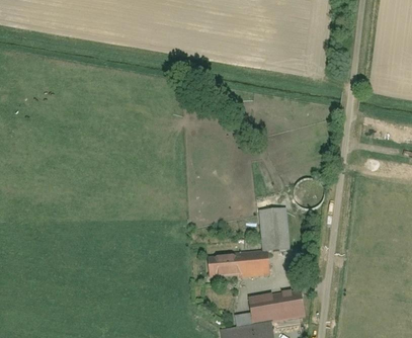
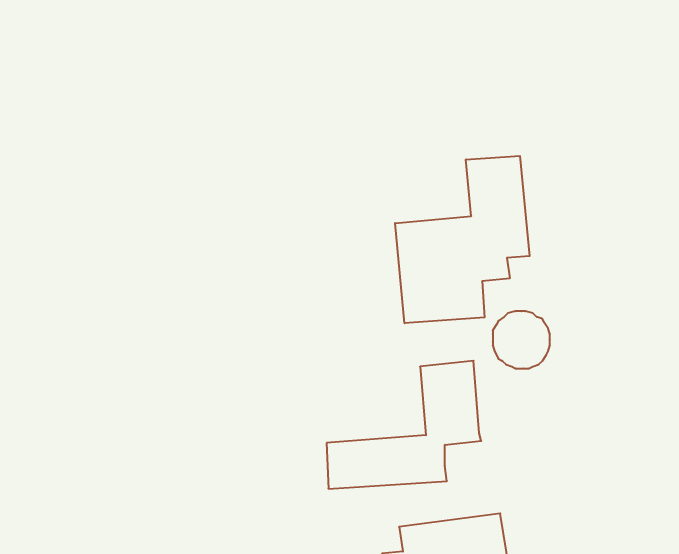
building: none -> [395,156,530,323]

